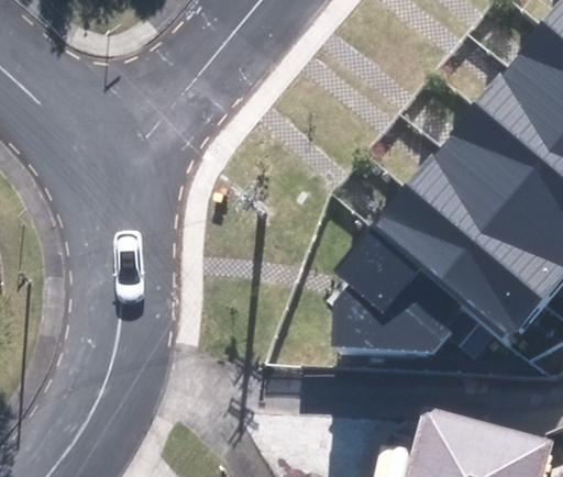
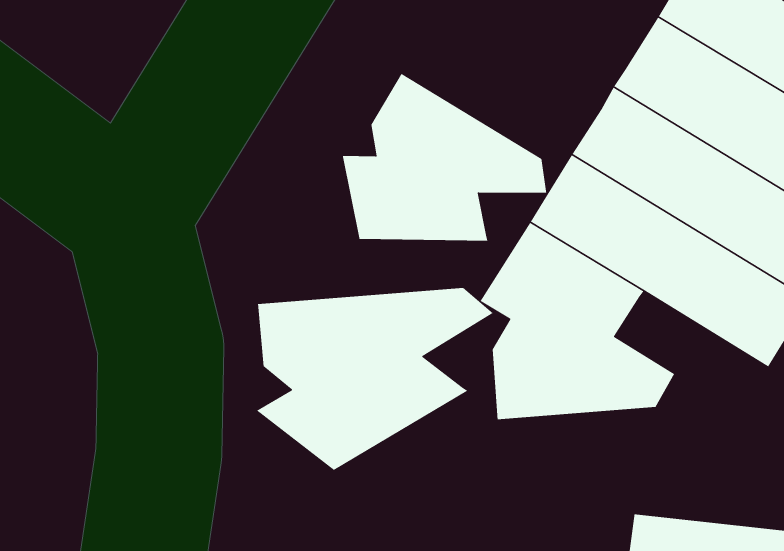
building: none -> [342,73,547,242]
building: none -> [256,287,494,471]

